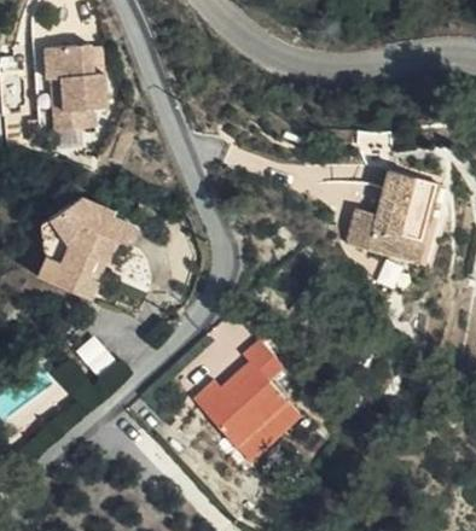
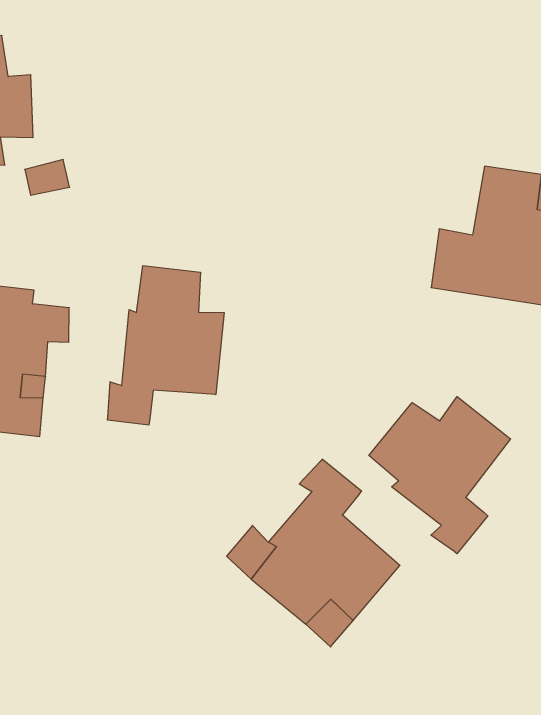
building: none -> [108,266,224,425]
building: none -> [369,397,511,554]

